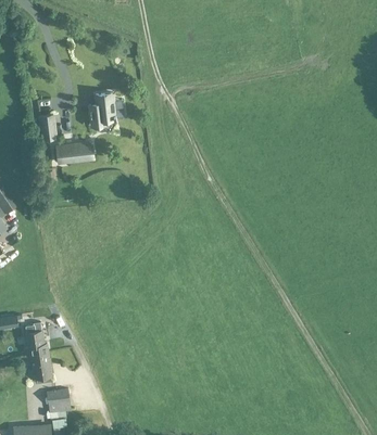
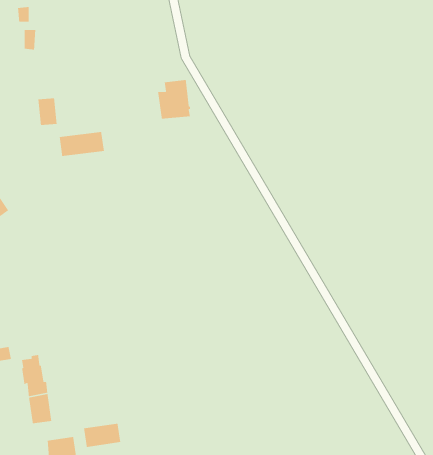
building: [88,93,115,126] -> [157,79,191,119]
building: none -> [83,423,121,448]

